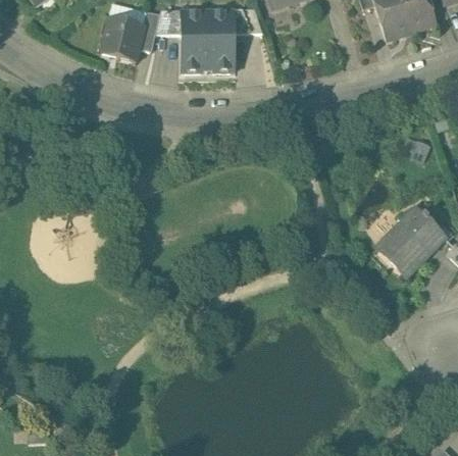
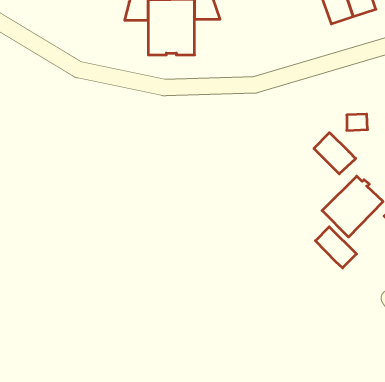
building: [100,16,144,62] -> none
building: none -> [314,133,356,174]
building: none -> [315,227,357,268]

